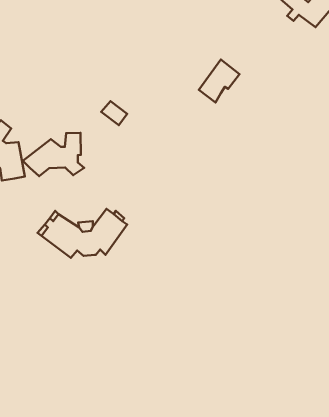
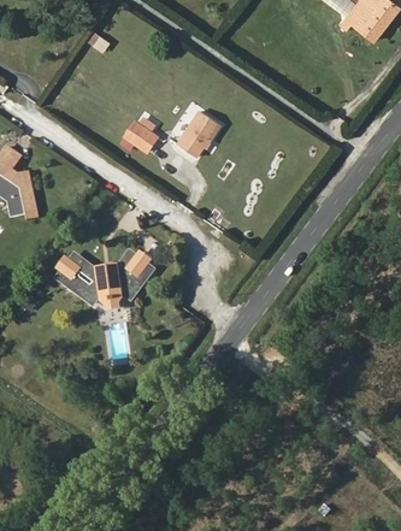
building: [199,60,240,102] -> [176,110,223,159]
building: [23,133,84,176] -> none

